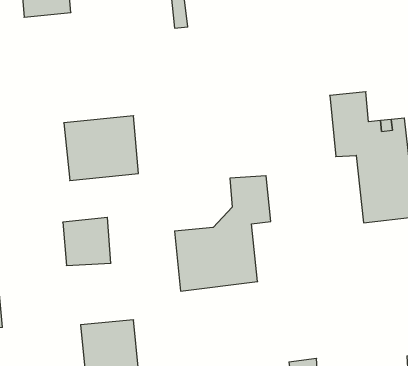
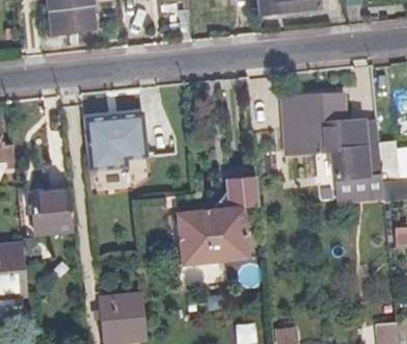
building: none -> [287,97,319,153]
building: [63,217,111,265] -> [34,192,76,234]

